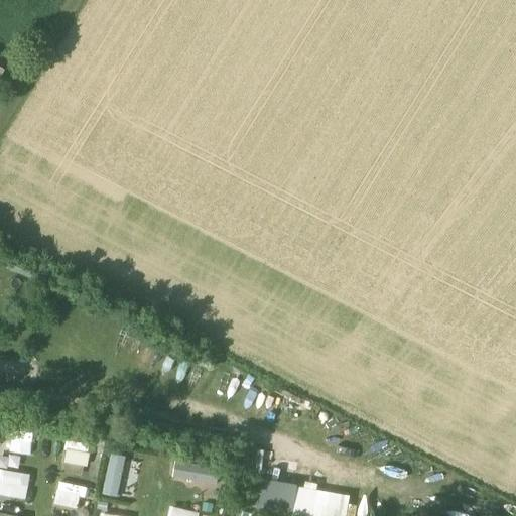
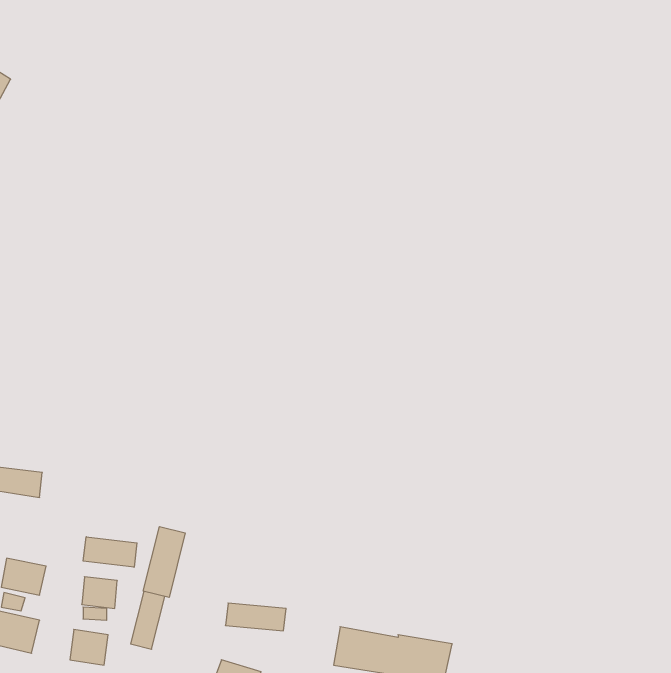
building: none -> [143,527,185,597]
building: none -> [83,537,137,567]

